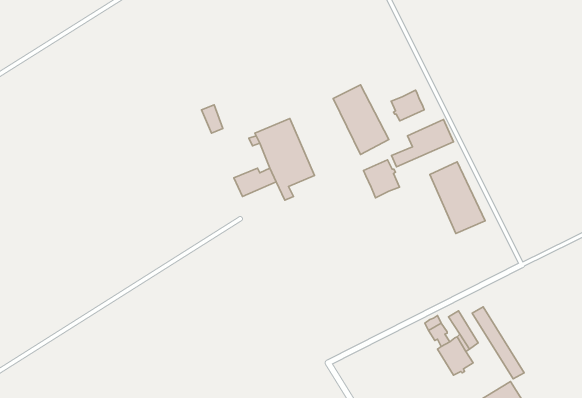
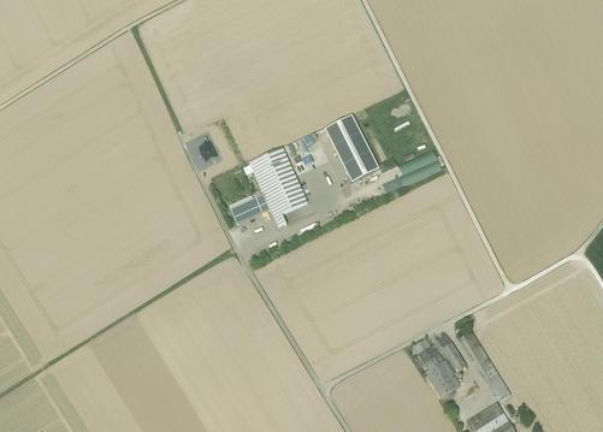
building: [391,90,424,121] -> none
building: [364,160,399,198] -> none
building: [430,162,485,234] -> none

